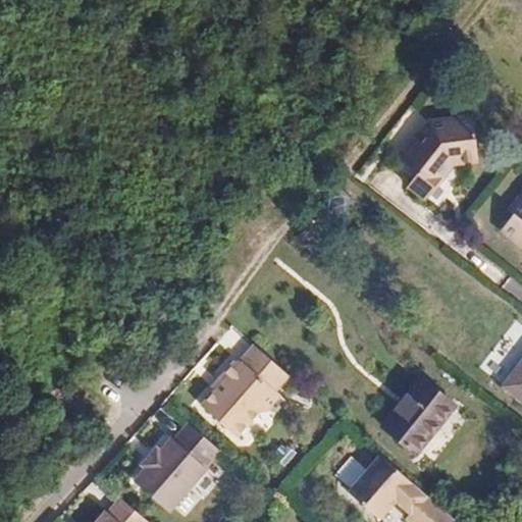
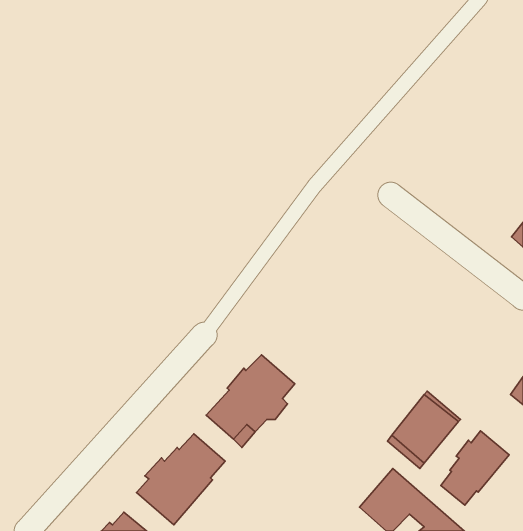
building: [394,118,471,203] -> none
building: none -> [441,431,509,505]

